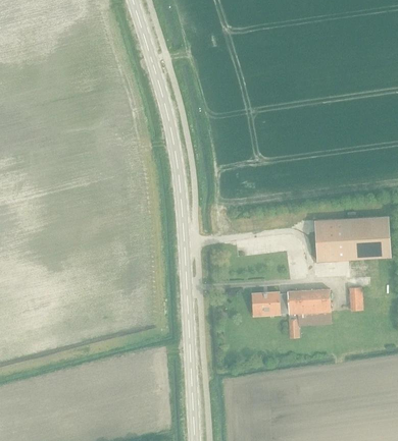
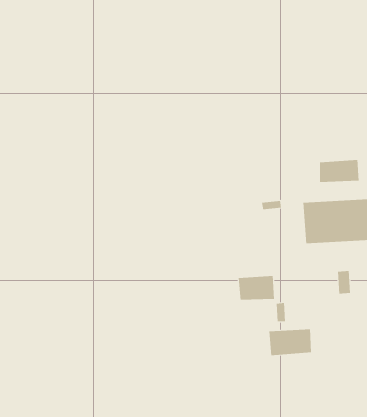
building: none -> [319,159,359,183]
building: [287,289,330,316] -> [269,329,312,356]

